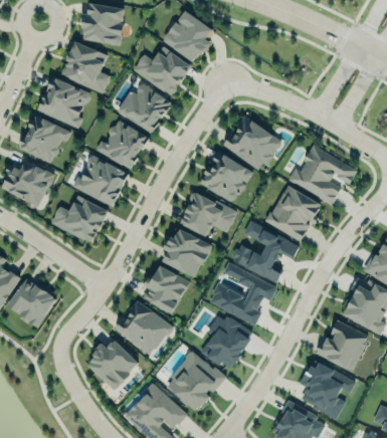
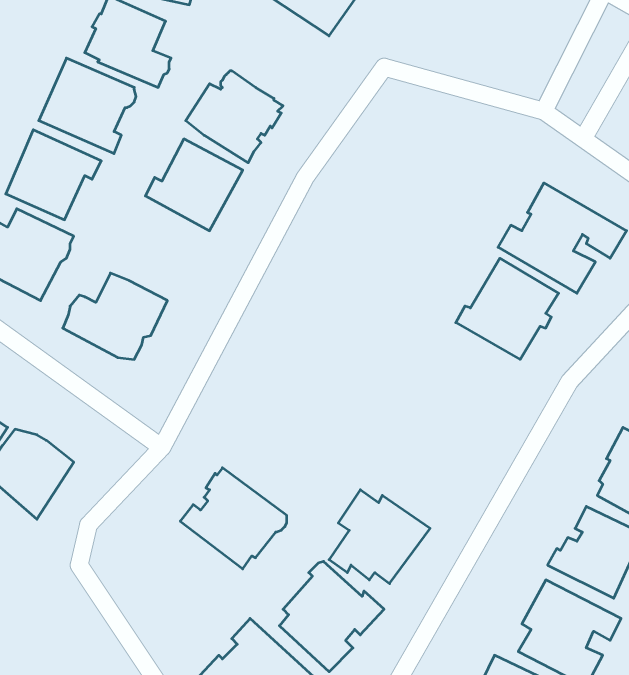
building: [134,51,192,93] -> none
building: [223,116,281,169] -> none
building: [200,150,253,201] -> none
building: [72,155,129,207] -> none
building: [180,192,236,236] -> none
building: [231,222,300,281] -> none
building: [163,228,212,276] -> none
building: [208,264,277,324] -> none
building: [144,265,190,313] -> none
building: [88,341,139,390] -> none

